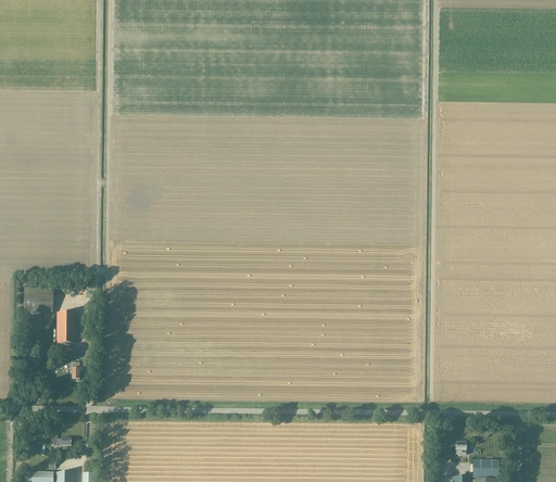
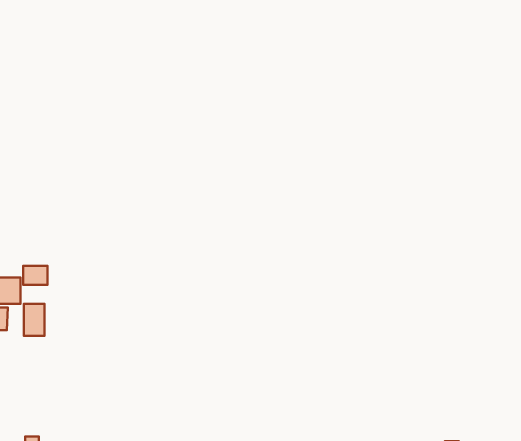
building: none -> [23,266,48,285]

